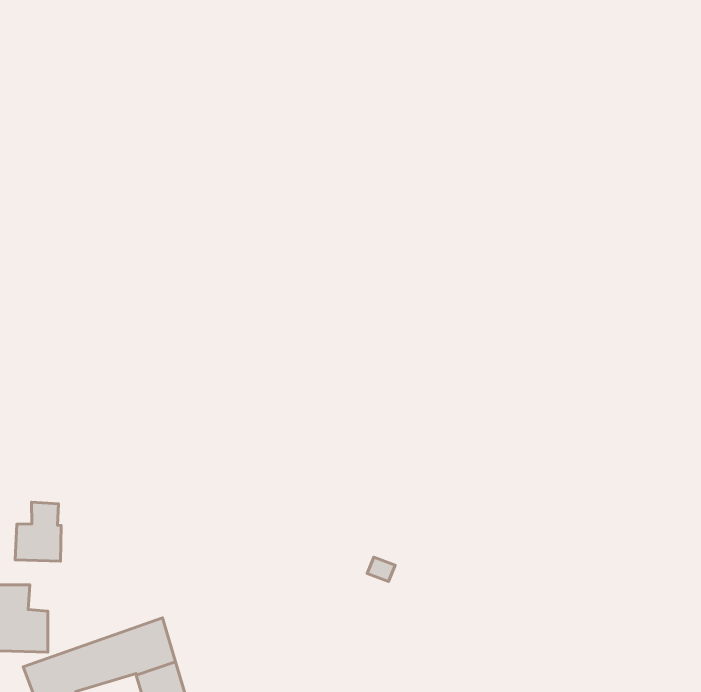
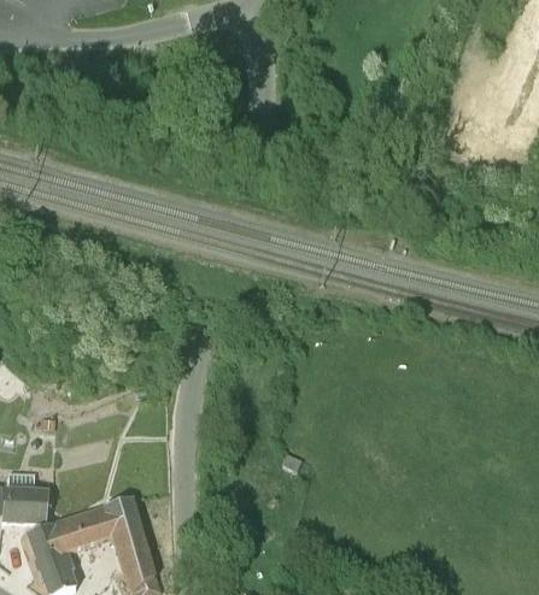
building: [15,502,61,561] -> none

